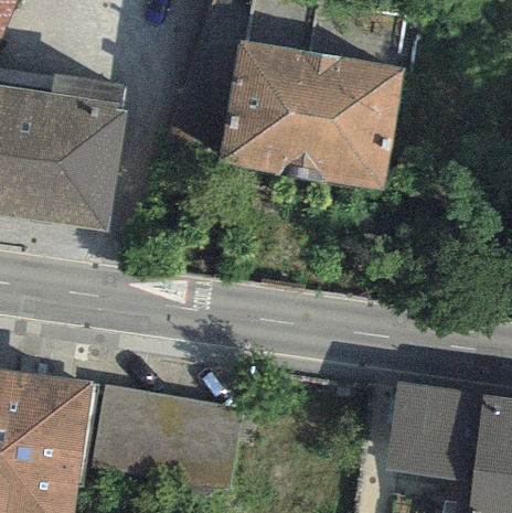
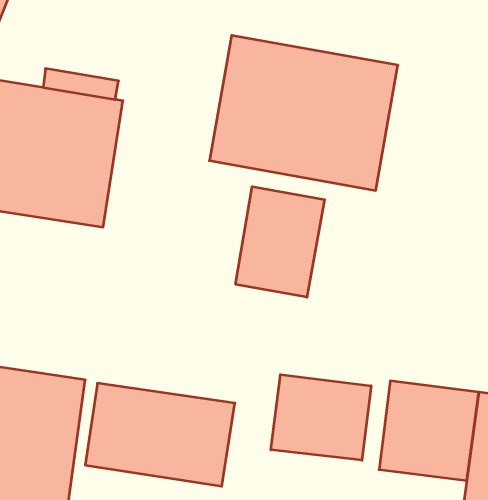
building: none -> [236,187,325,297]
building: none -> [271,375,371,460]

